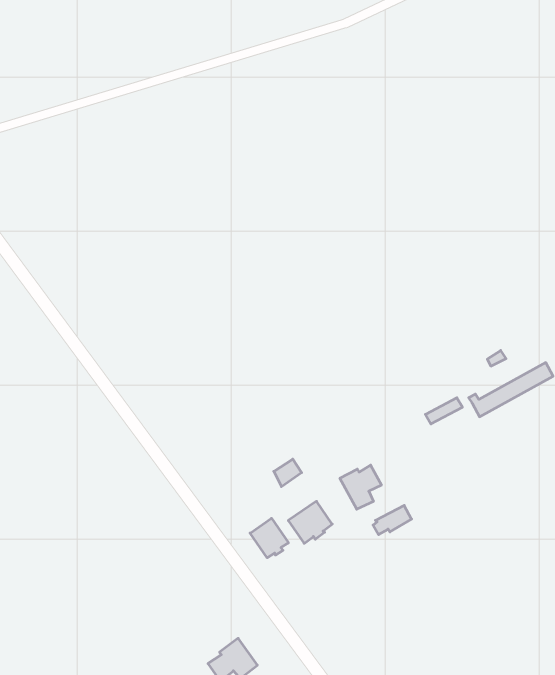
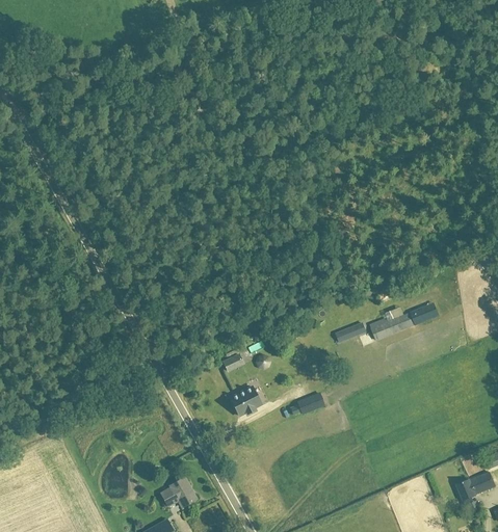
building: [340,465,381,509] -> none
building: [250,518,288,558] -> none

